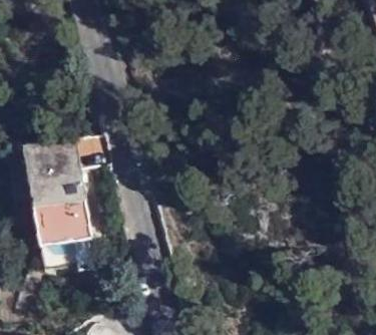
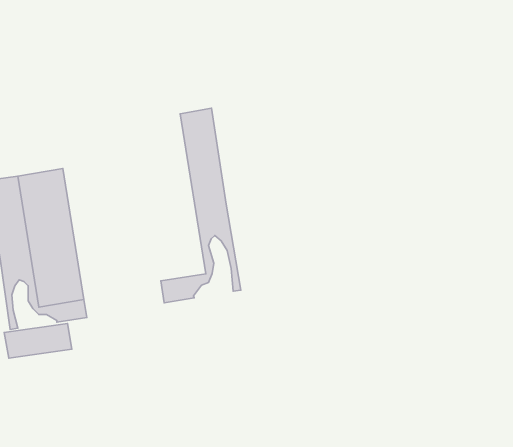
building: none -> [161,108,241,303]

